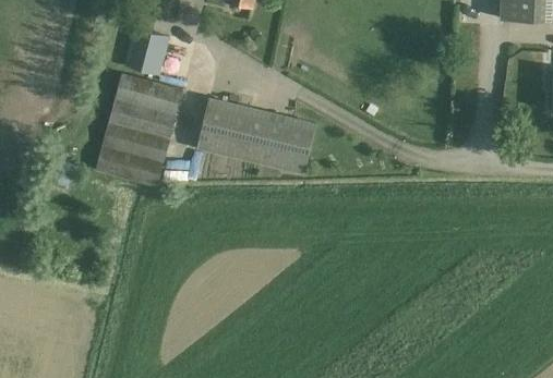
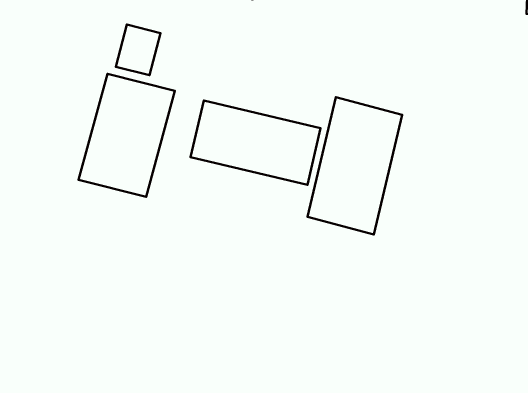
building: none -> [308,97,402,234]

